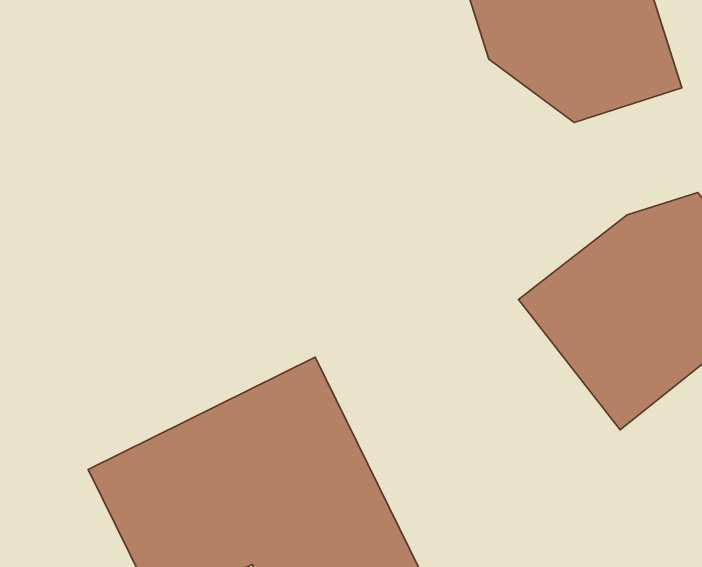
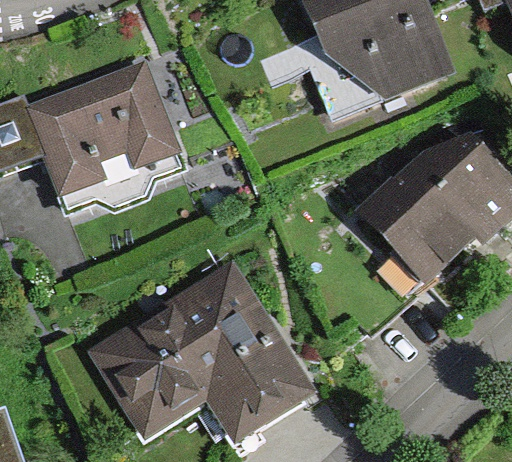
building: none -> [24,59,175,193]

